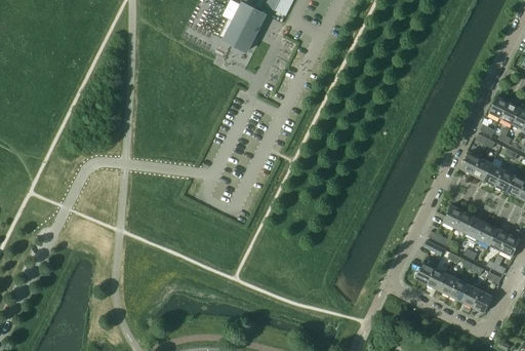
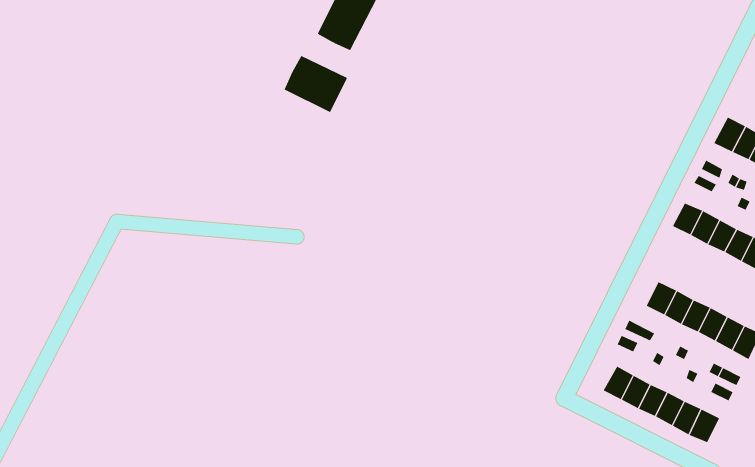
building: none -> [284,55,348,113]

